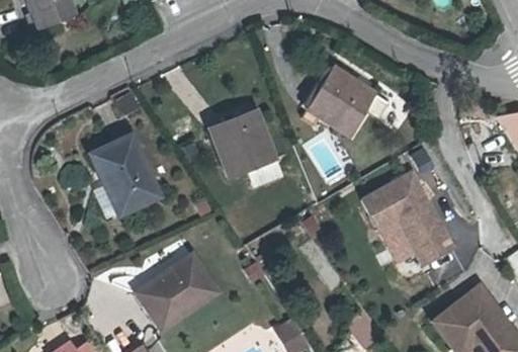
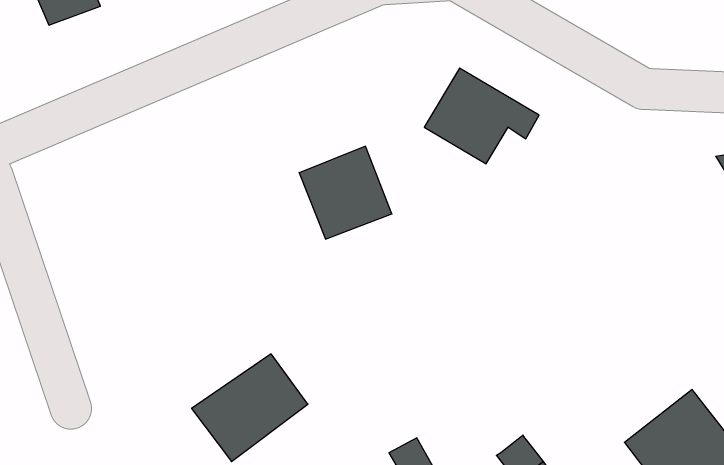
building: [90,138,158,216] -> none
building: [362,174,453,265] -> none

